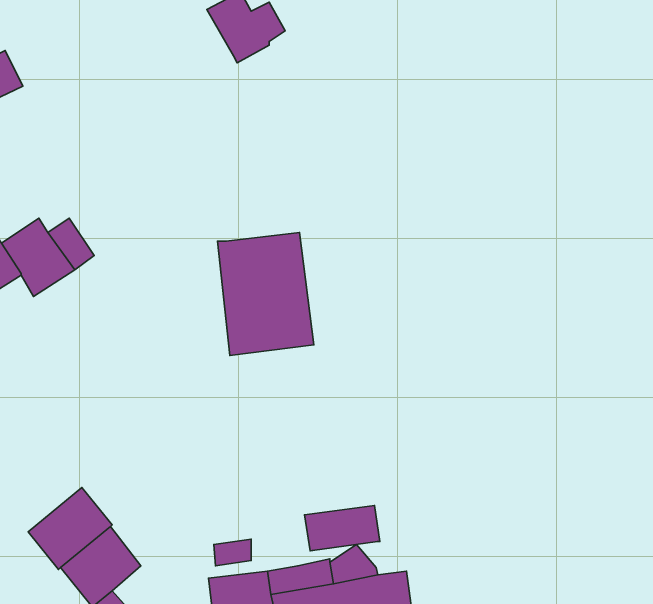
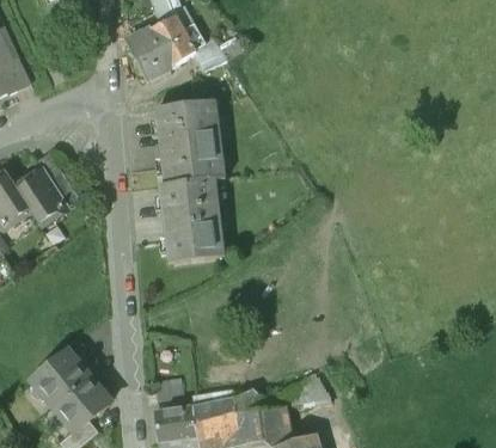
building: none -> [128,30,173,79]
building: none -> [157,100,226,185]
building: [305,505,380,551] -> none

